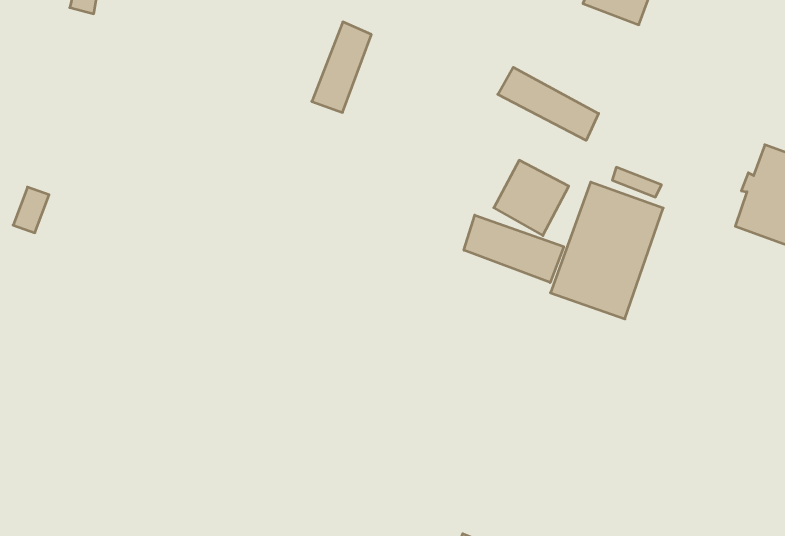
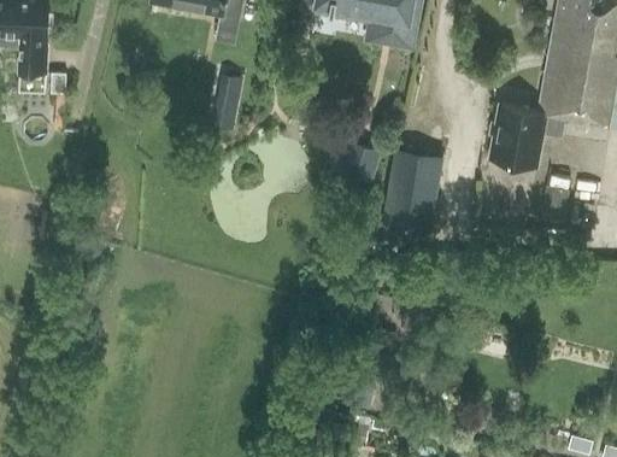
building: [498,67,599,140] -> none
building: [464,215,564,283] -> none

